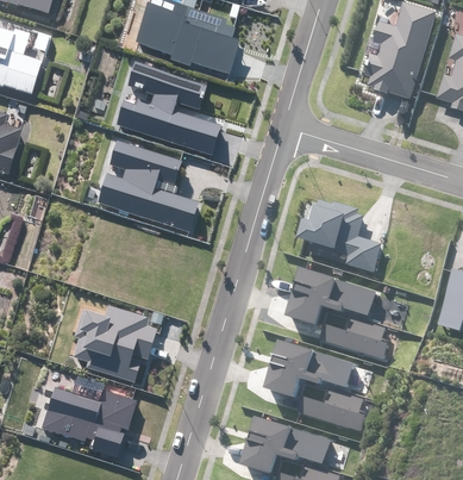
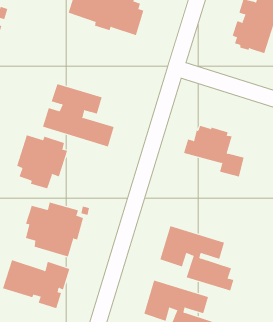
building: [117,62,223,155] -> none
building: none -> [17,134,68,189]
building: [284,268,390,360] -> none

